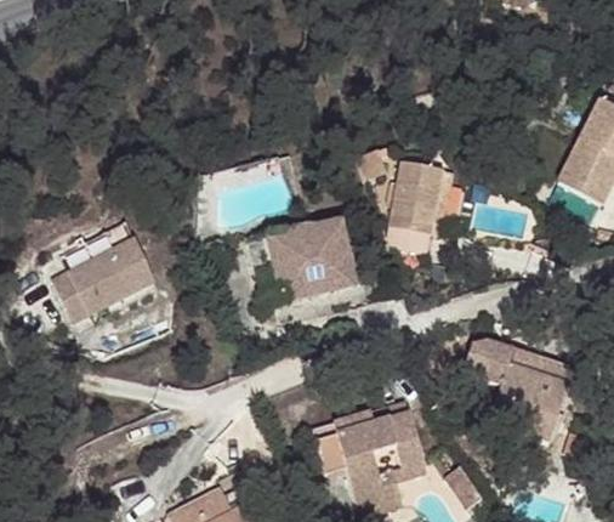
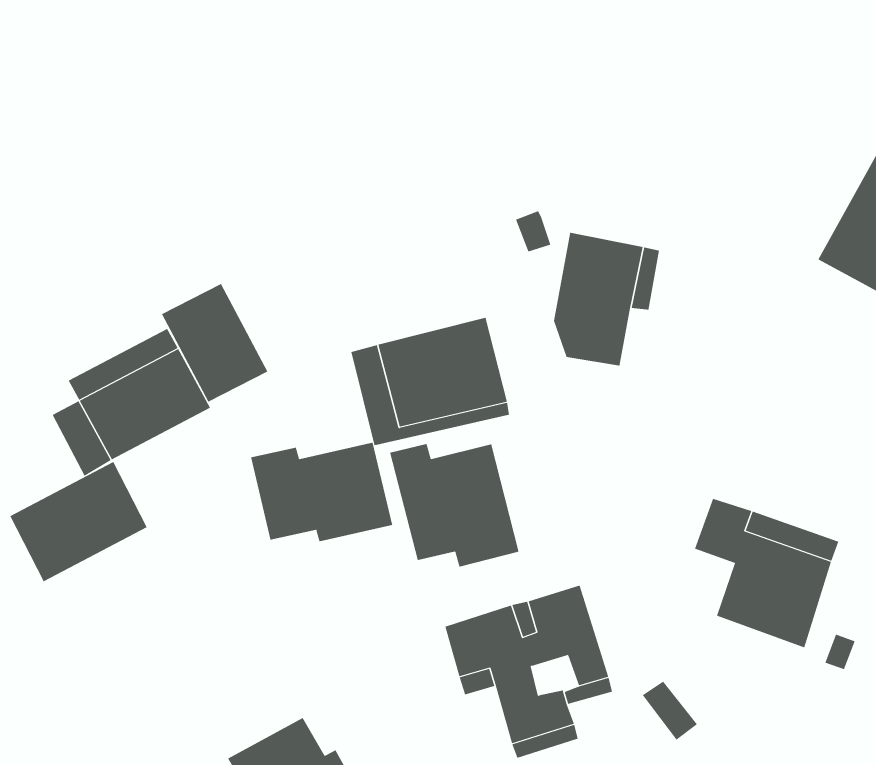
building: none -> [161,283,268,402]
building: none -> [250,442,393,542]
building: none -> [389,443,519,567]
building: none -> [10,461,148,582]

